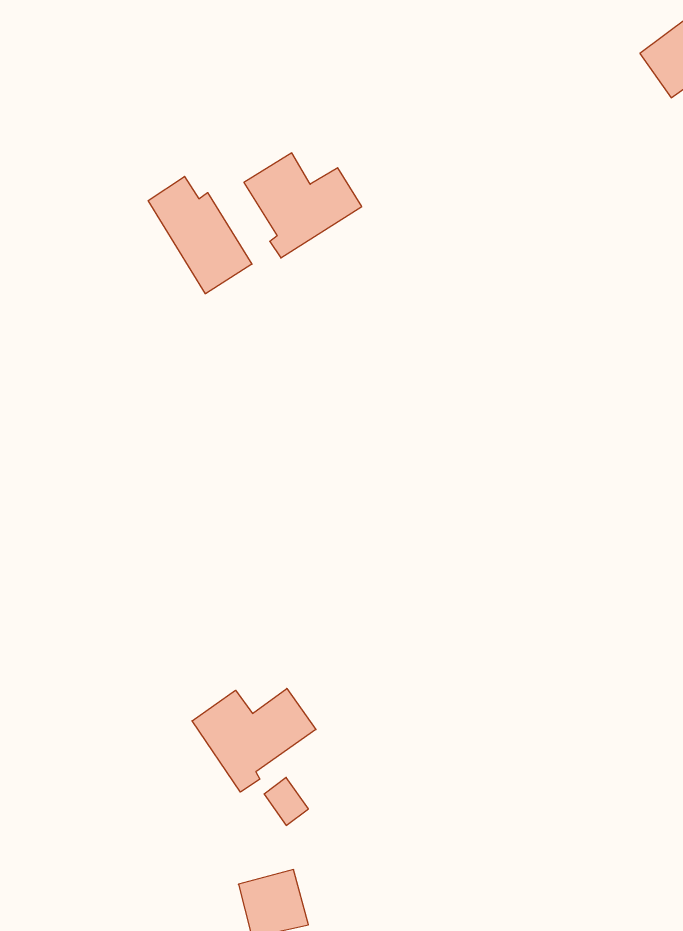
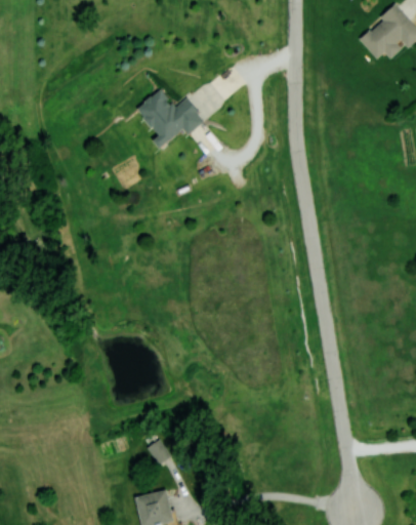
building: [148,176,252,294] -> none
building: [192,688,316,792] -> none

